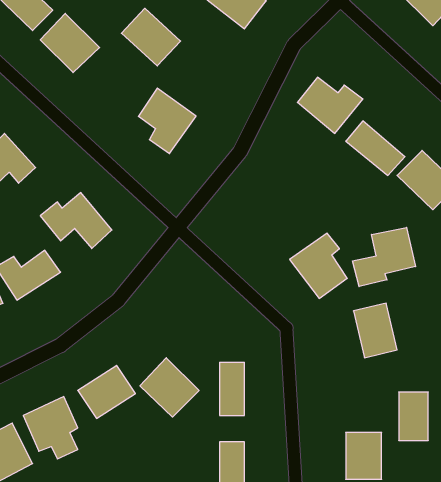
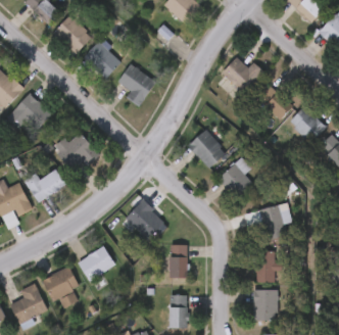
building: [121,8,181,66] -> [83,41,122,79]
building: none -> [189,129,228,167]
building: [353,227,416,287] -> none
building: [140,358,199,417] -> [127,199,165,238]
building: [399,392,428,440] -> [255,249,275,281]

